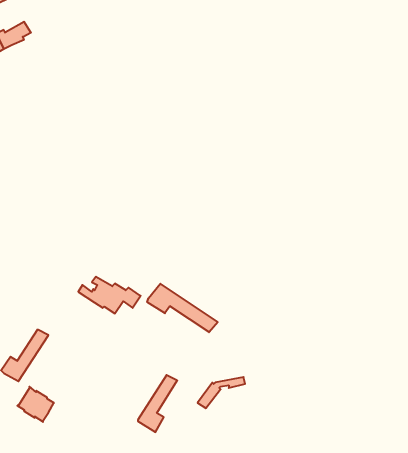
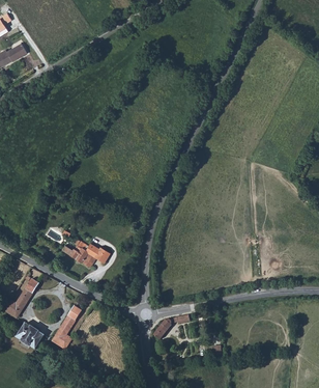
building: [147,284,218,332] -> none
building: [138,375,177,432] -> [52,306,82,350]

